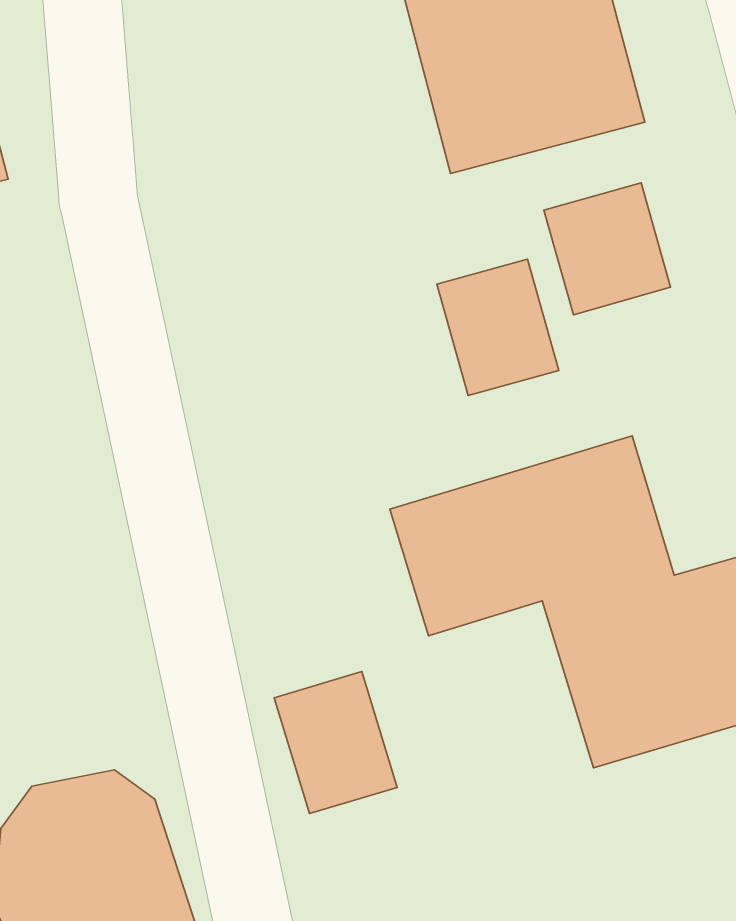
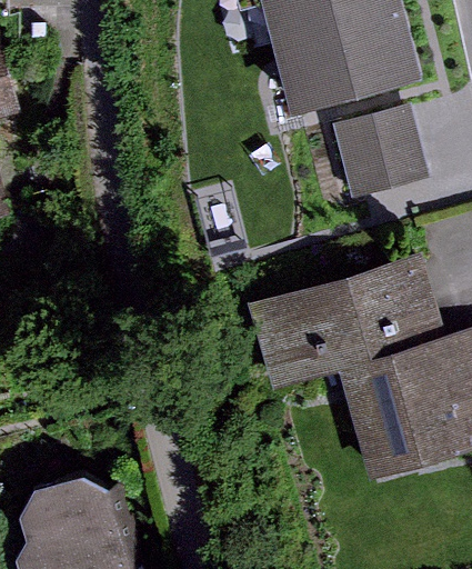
building: [437,259,559,396] -> none
building: [274,671,397,814] -> none

